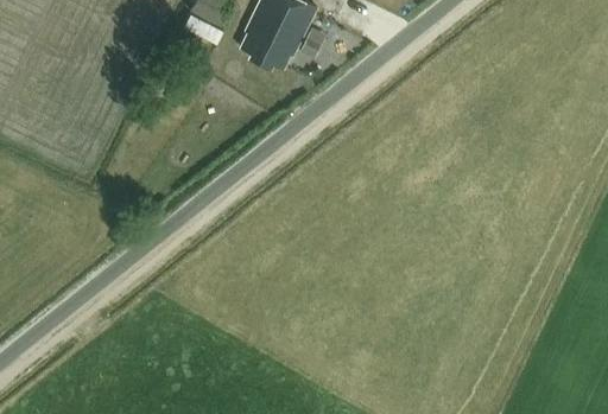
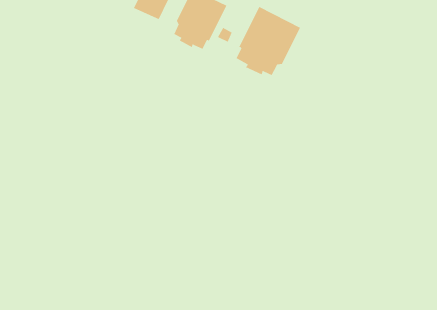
building: none -> [236,6,301,76]

